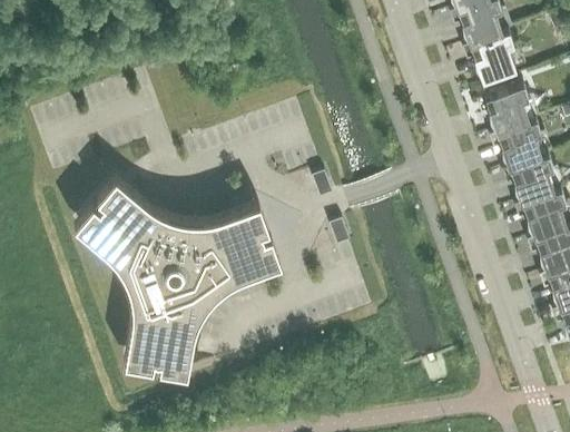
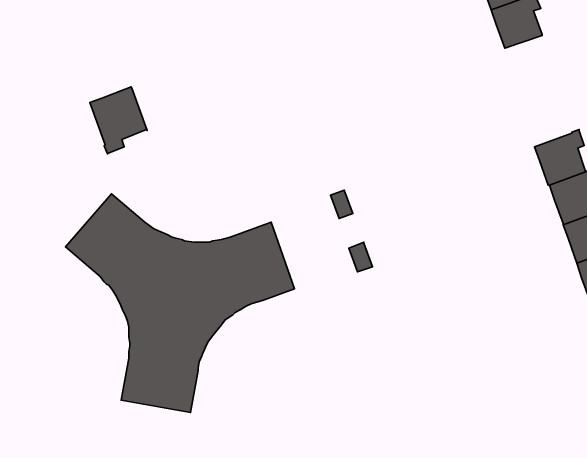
building: [472,39,519,89] -> none
building: none -> [90,87,147,154]
building: [487,92,532,143] -> none

